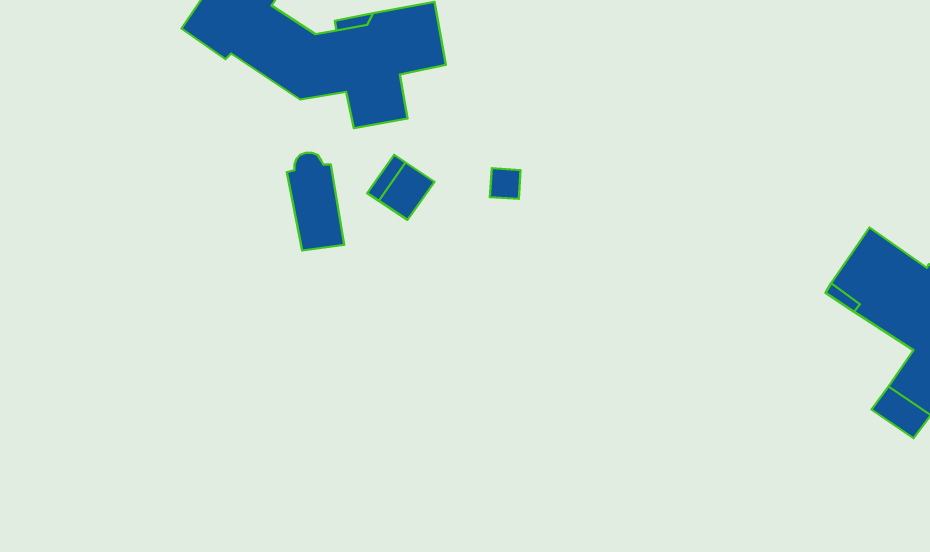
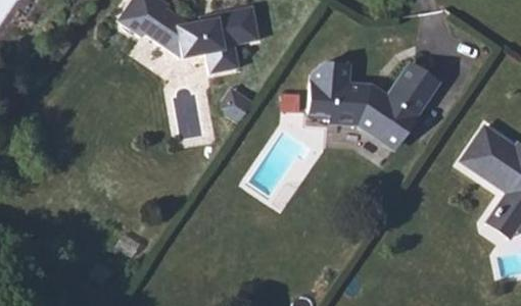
building: none -> [307,62,437,147]

